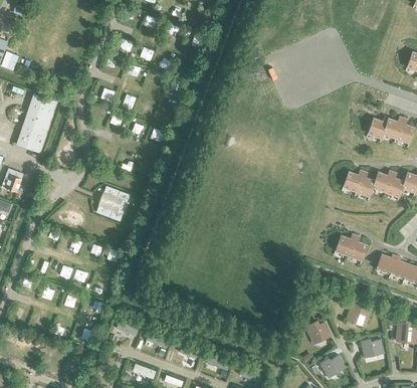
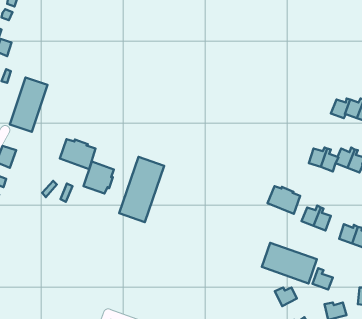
building: none -> [60,139,96,169]
building: none -> [119,157,164,222]
building: none -> [268,186,300,214]
building: none -> [262,243,317,283]

